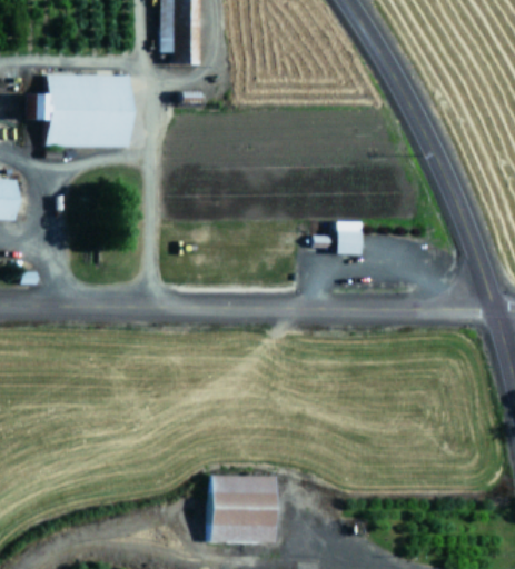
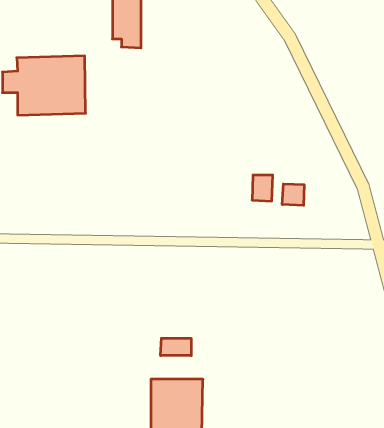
building: none -> [282,184,304,205]
building: none -> [161,338,191,356]

